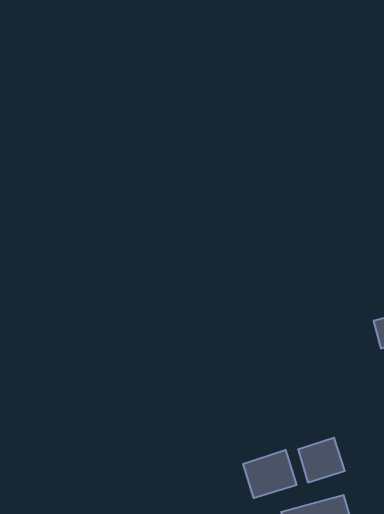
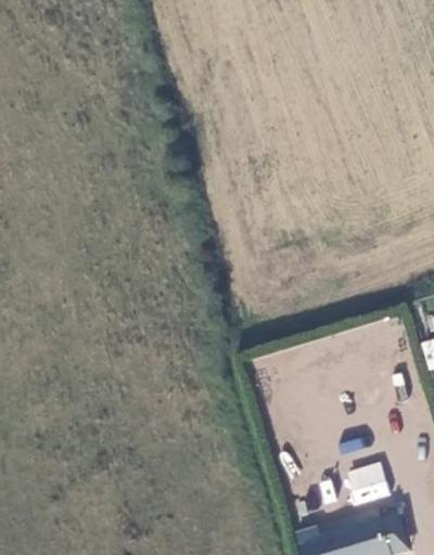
building: [243,450,296,498] -> none

